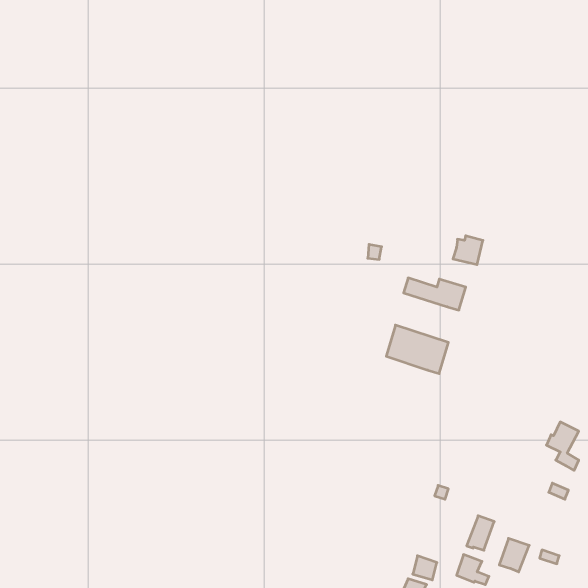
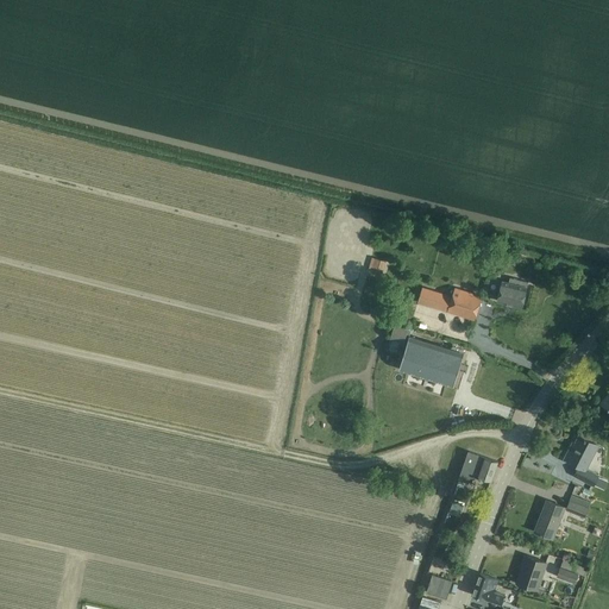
building: [453,236,483,265] -> [496,278,527,308]
building: none -> [458,452,496,483]
building: [467,516,494,550] -> [534,502,563,538]

